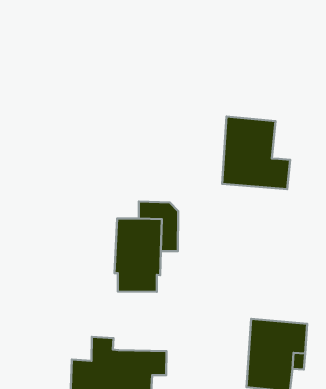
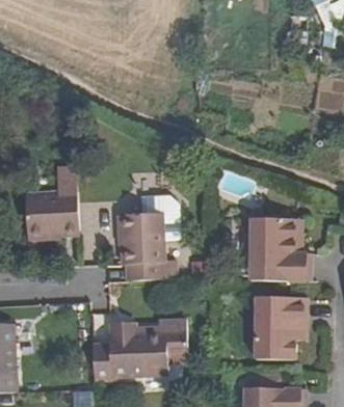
building: [222,117,290,189] -> [252,218,312,280]
building: none -> [26,174,80,235]

